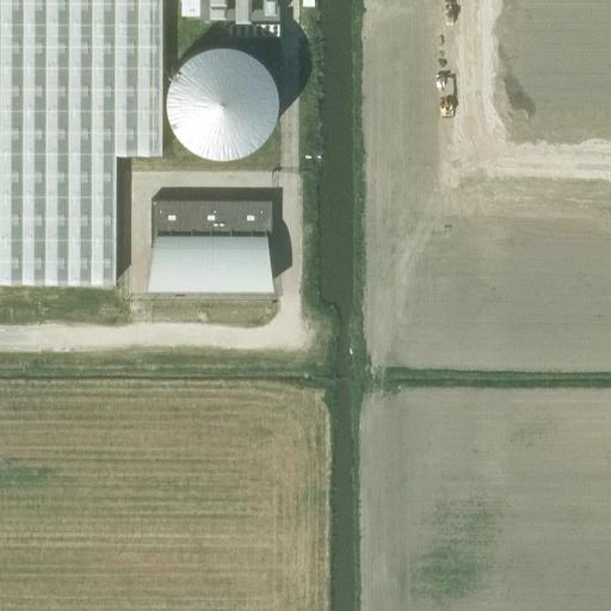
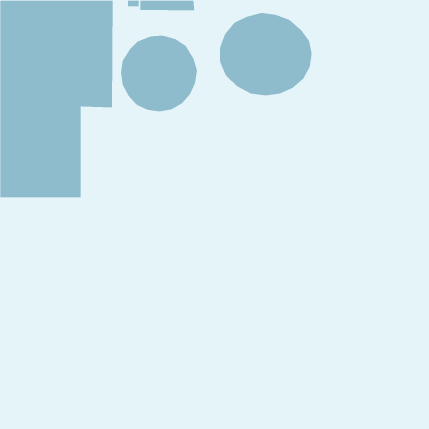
building: none -> [220,12,312,96]
building: [148,199,271,280] -> none

